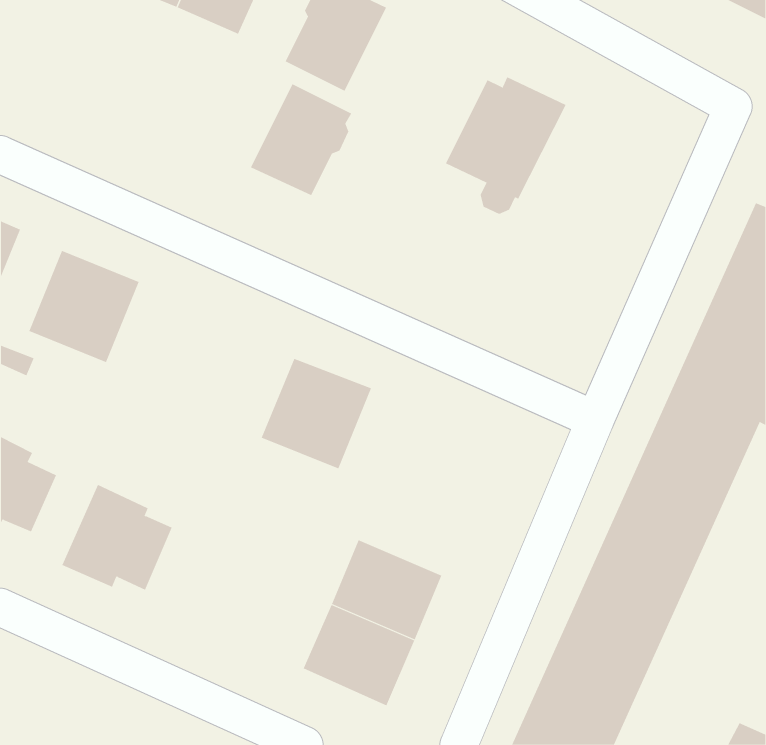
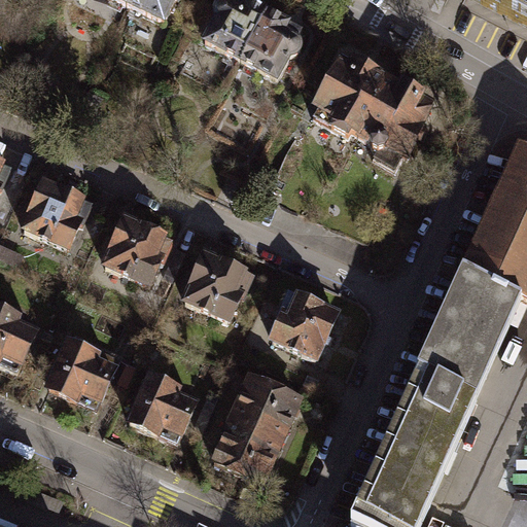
building: [250,83,352,196] -> [237,5,307,82]
building: none -> [356,72,438,170]
building: none -> [98,209,174,286]
building: none -> [265,282,342,359]
building: none -> [124,370,199,438]

